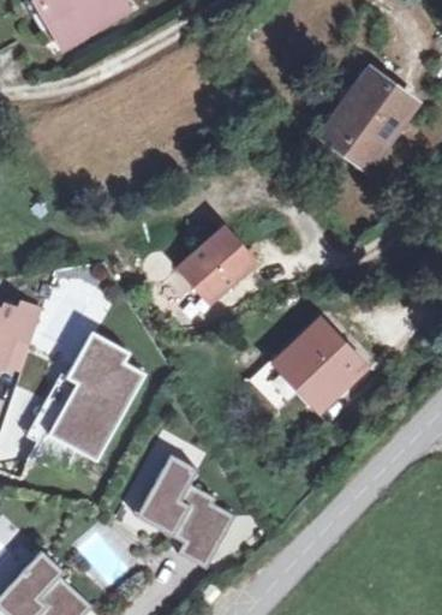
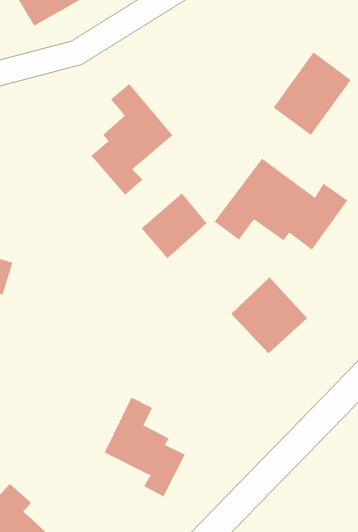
building: none -> [91,83,173,196]
building: none -> [214,158,348,250]
building: [48,333,139,458] -> none

